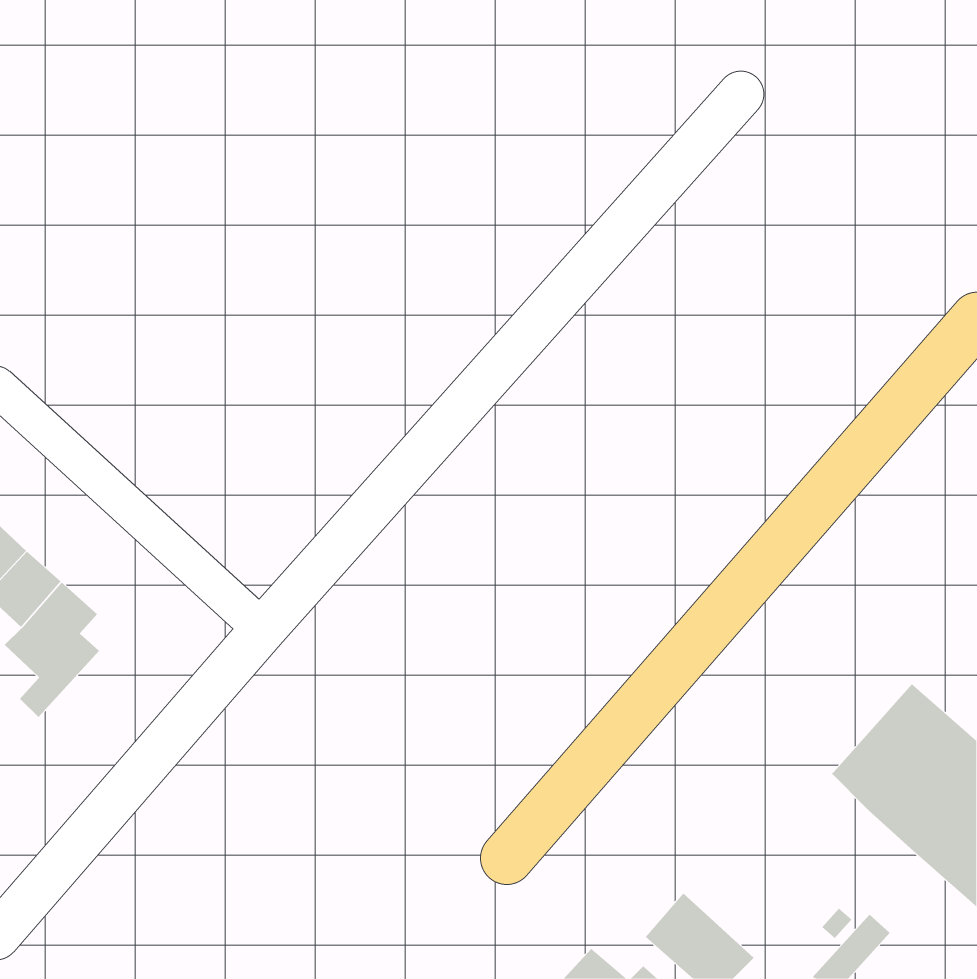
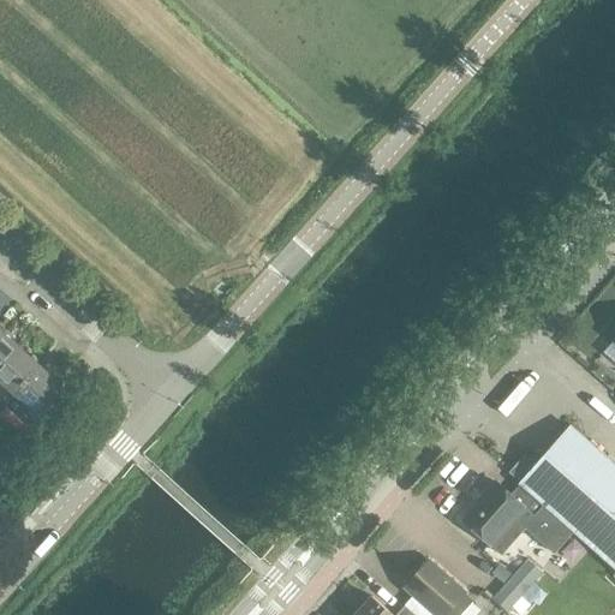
building: none -> [462,482,569,554]

